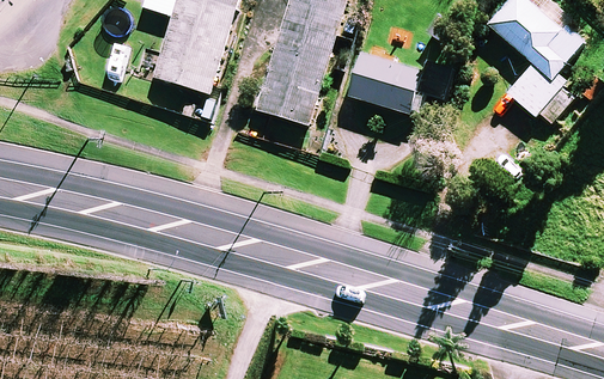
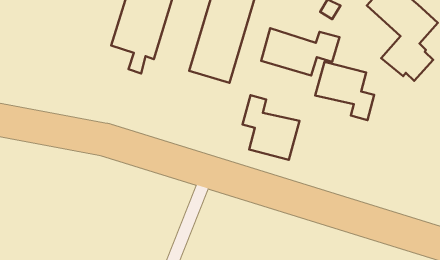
building: none -> [315,62,374,120]
building: none -> [243,95,300,160]

